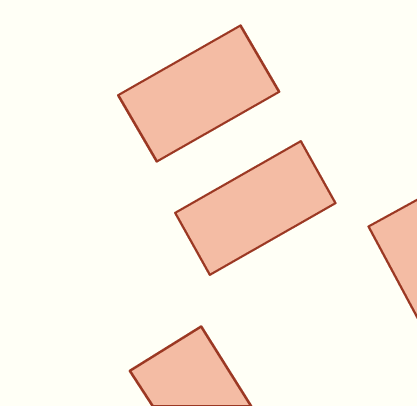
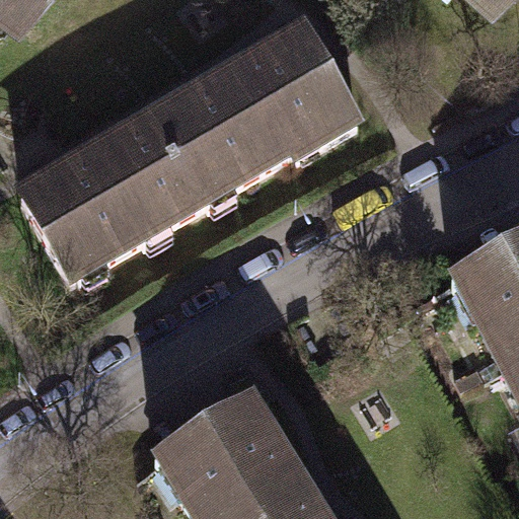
building: none -> [17,118,197,275]
building: [175,141,335,275] -> none

